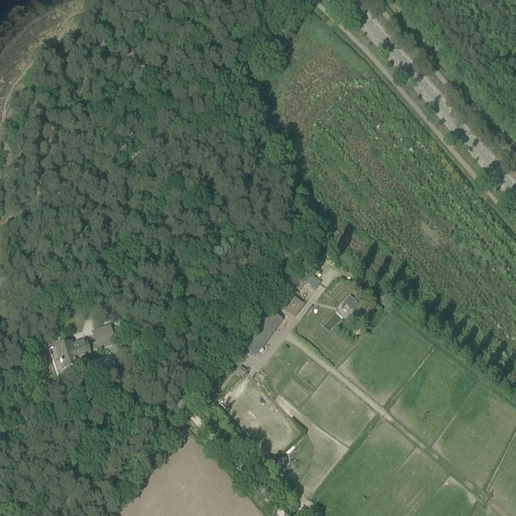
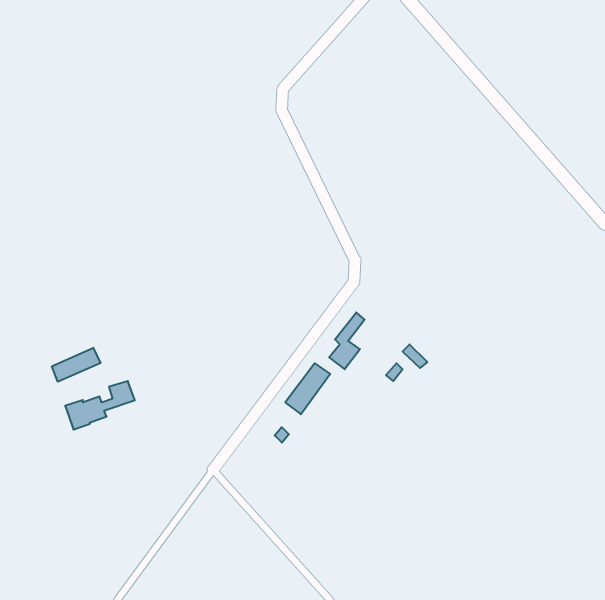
building: none -> [52,348,100,382]

